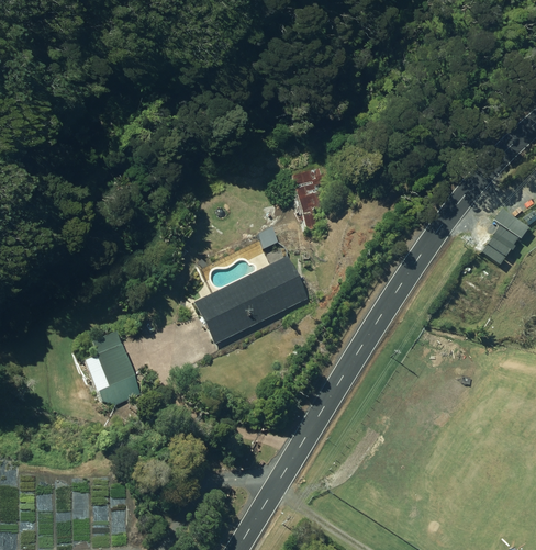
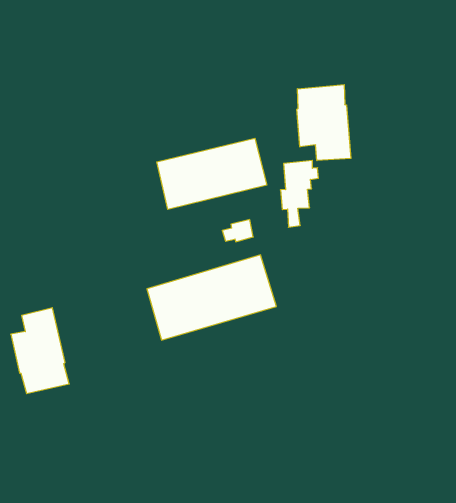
building: none -> [297,85,351,161]
building: none -> [157,138,267,209]

